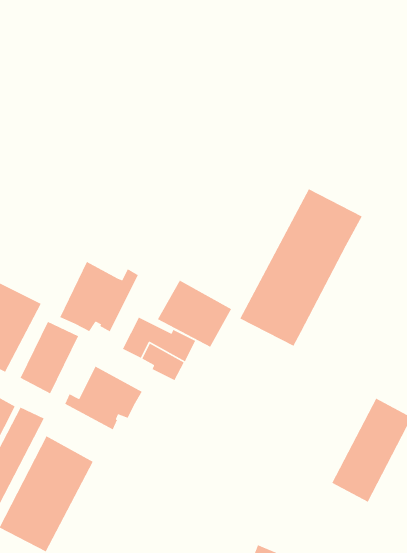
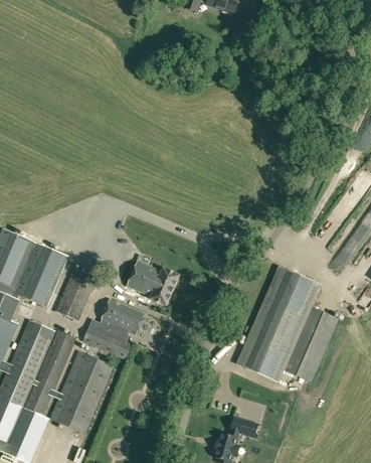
building: [239,188,363,347] -> [237,266,320,379]
building: [59,261,139,333] -> none
building: [157,280,232,348] -> none
building: none -> [82,326,130,358]

